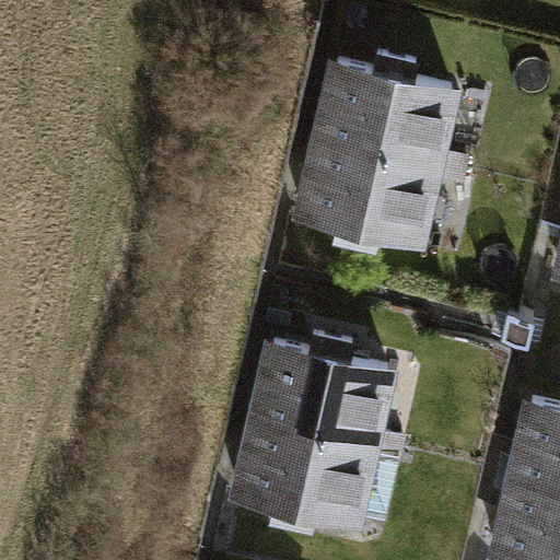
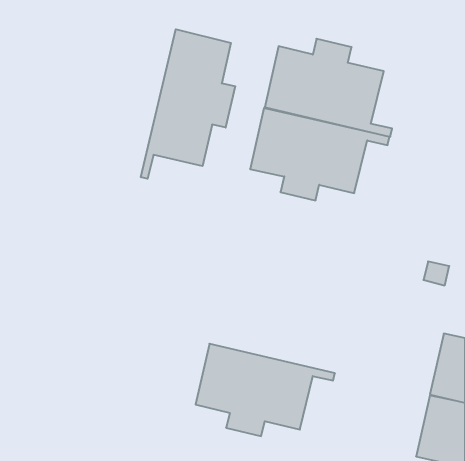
building: none -> [141,29,235,179]
building: [248,339,399,454] -> none

